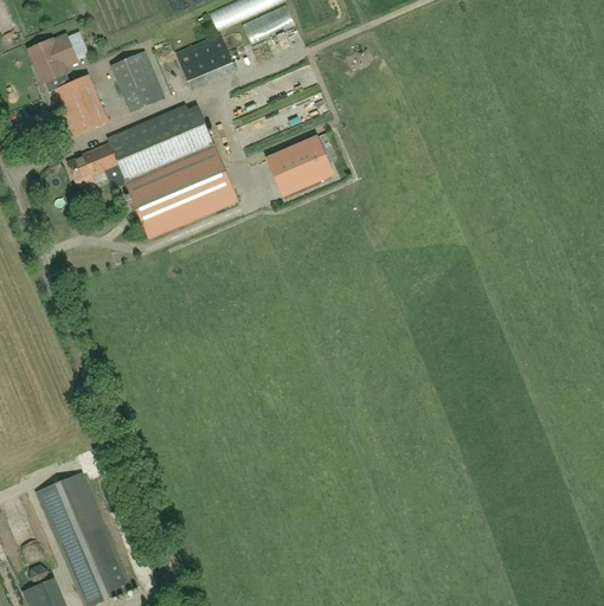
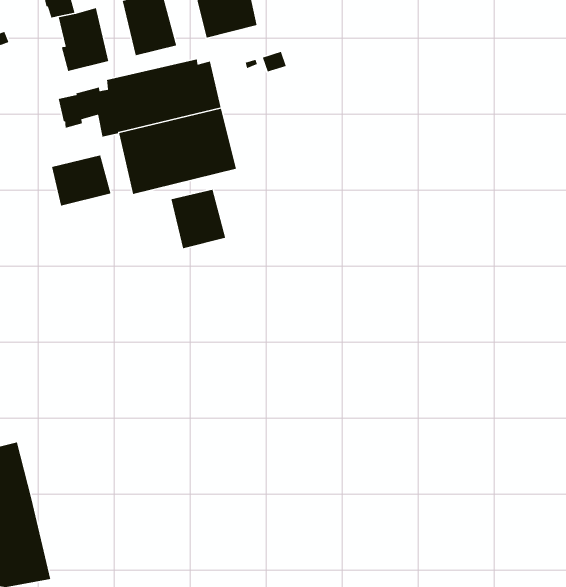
building: [266,135,333,194] -> none
building: none -> [51,155,112,206]
building: none -> [170,189,226,249]

